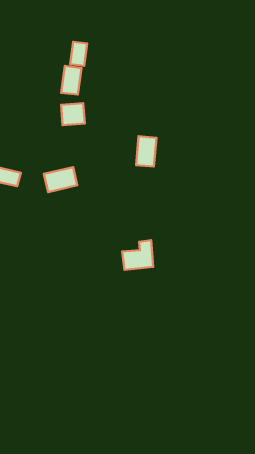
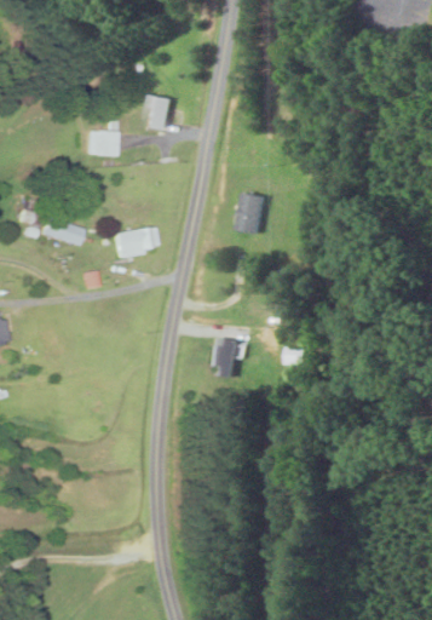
building: [70,42,87,66] -> none
building: [61,103,85,125] -> [86,130,115,156]

